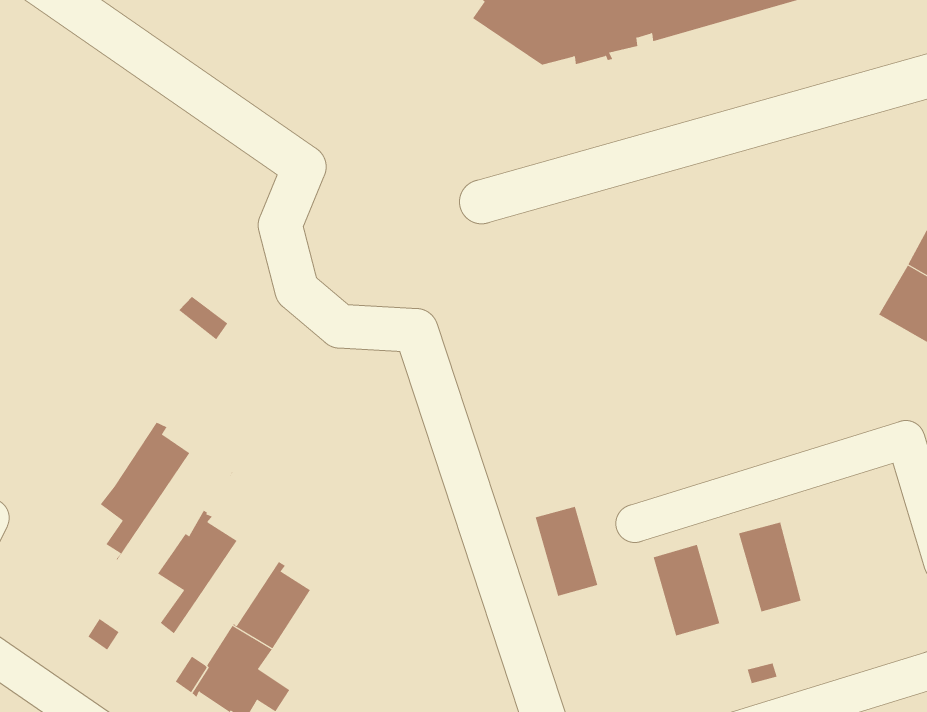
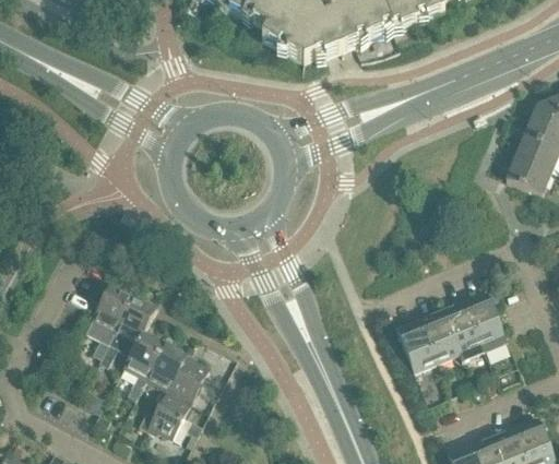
building: none -> [99,299,157,368]
building: [535,506,598,597] -> [420,310,460,361]
building: none -> [465,292,506,344]
building: none -> [146,345,189,392]

